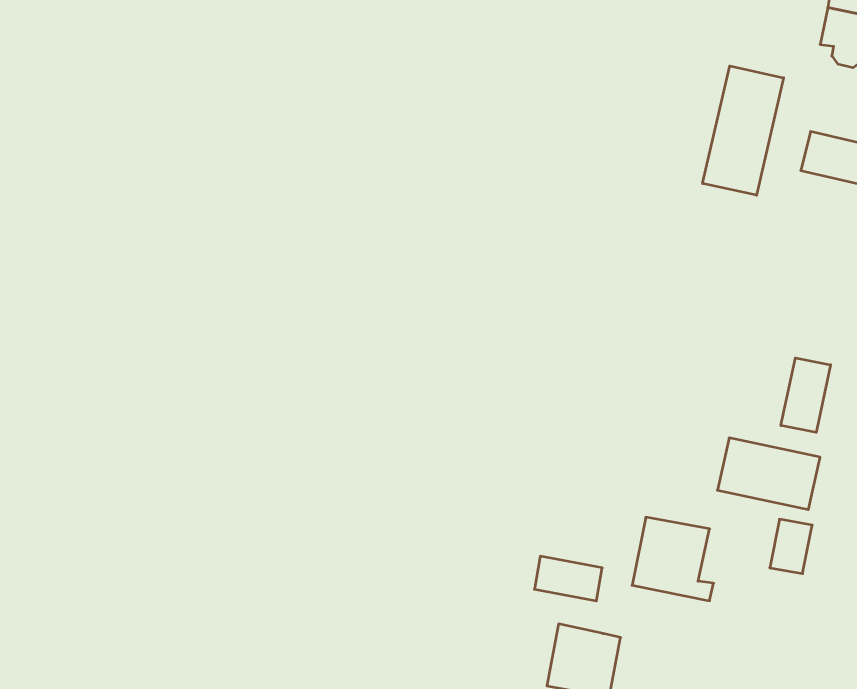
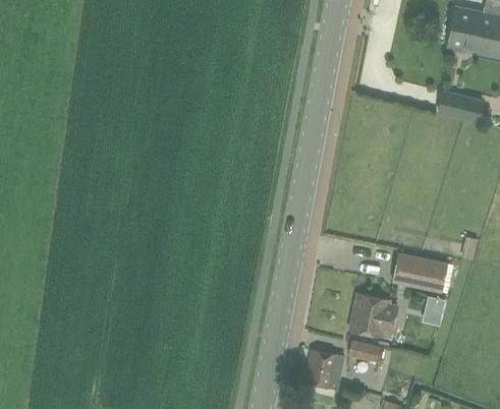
building: [703,66,784,195] -> none
building: [781,358,831,432] -> none
building: [534,556,602,601] -> [347,338,383,361]

